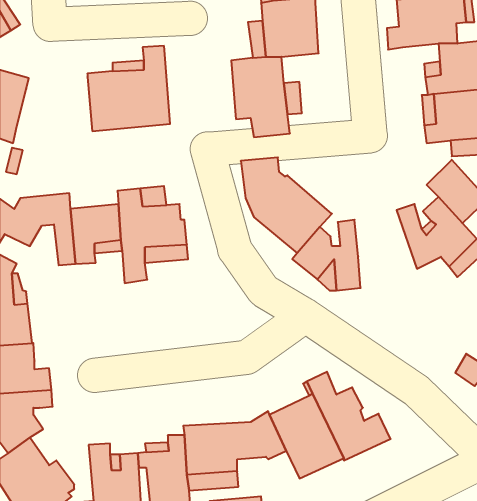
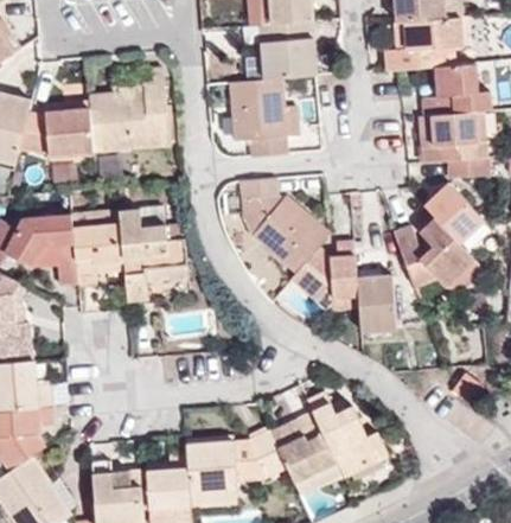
building: none -> [18,100,92,157]
building: none -> [356,276,396,333]

